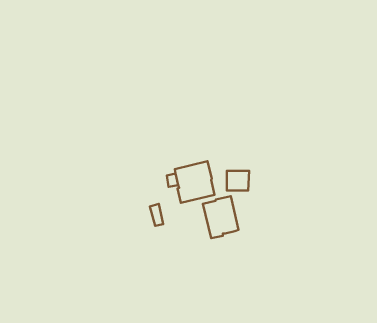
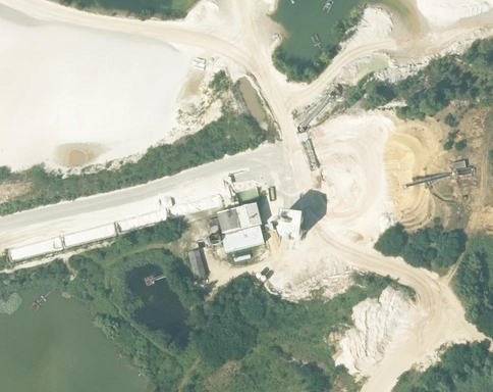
building: [203,196,239,238] -> none

